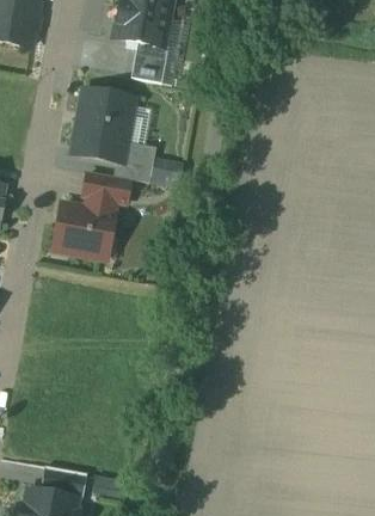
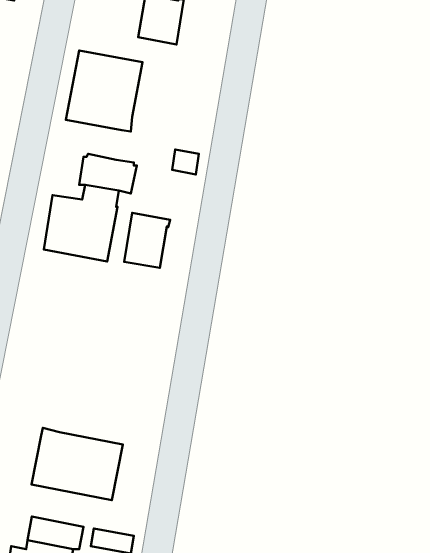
building: [113,141,156,182] -> none
building: none -> [124,213,170,268]
building: none -> [31,428,123,500]

